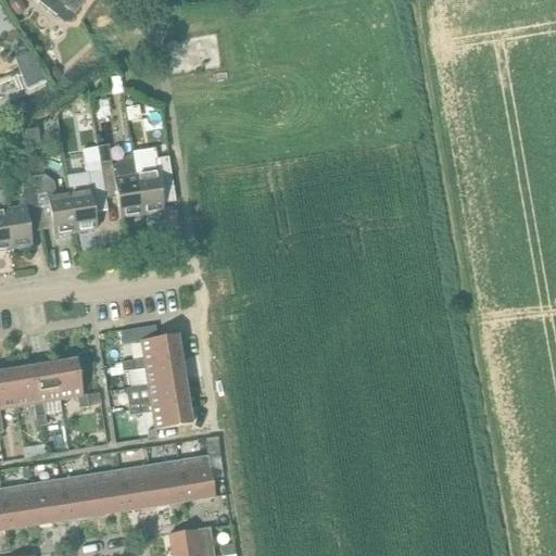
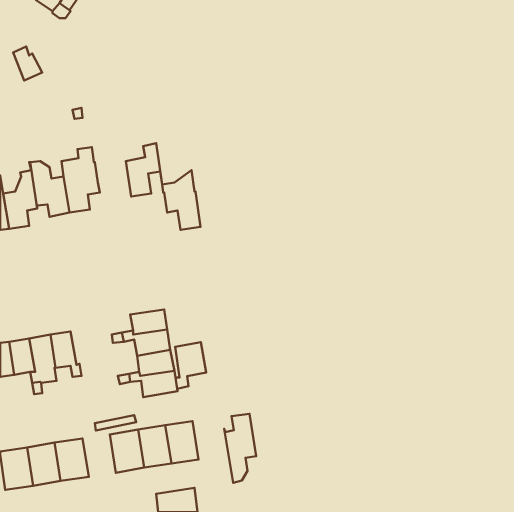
building: [101,151,142,215] -> [162,170,201,230]
building: none -> [175,342,206,389]
building: none -> [224,414,256,483]
building: [90,468,126,514] -> none

